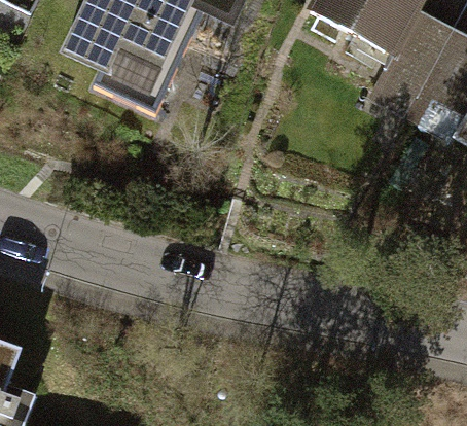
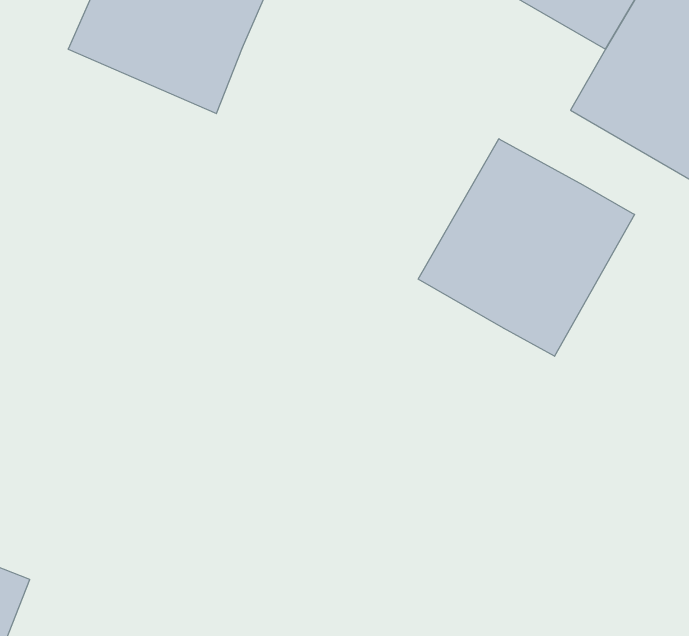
building: none -> [418,139,635,356]

